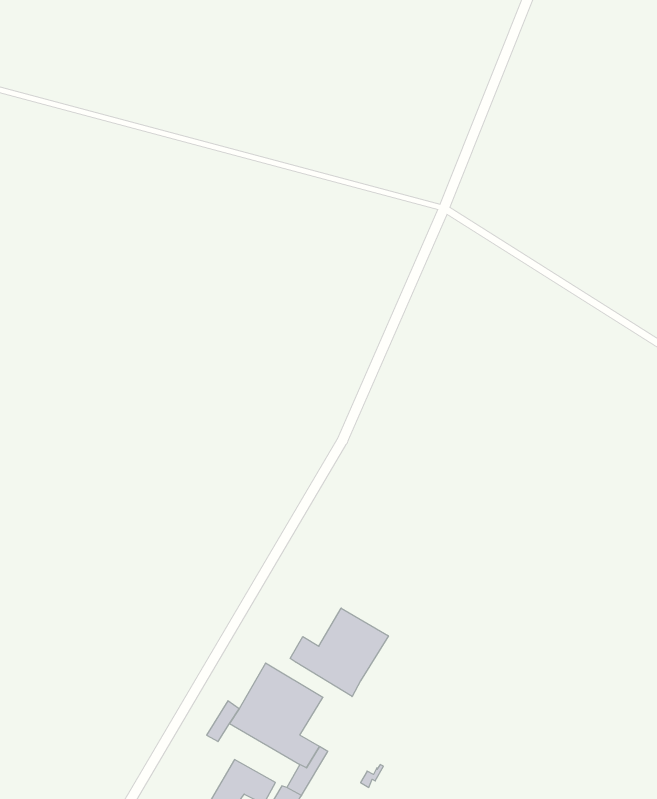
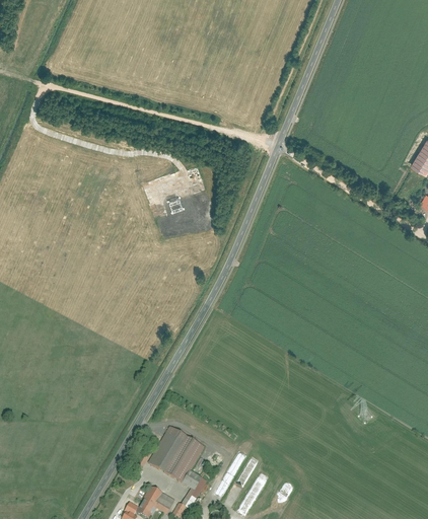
building: [290,608,388,697] -> none

